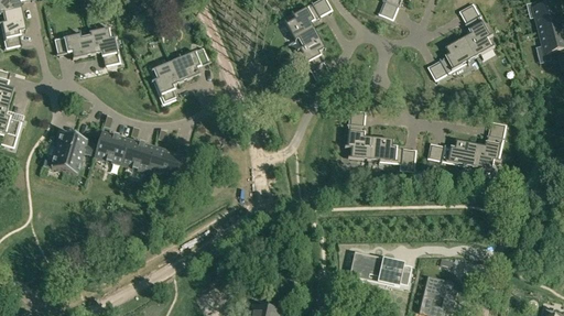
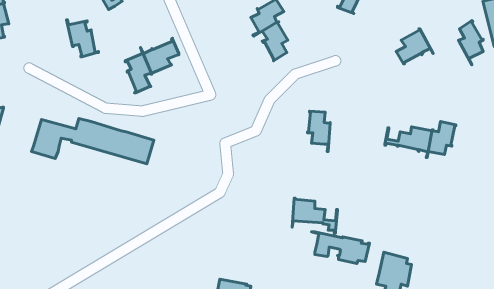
building: [465,14,491,62] -> [458,21,483,65]
building: [54,25,94,58] -> none
building: [367,135,415,173] -> [292,198,337,233]

